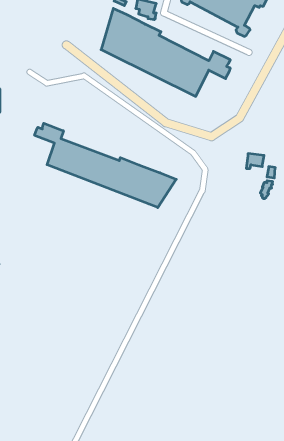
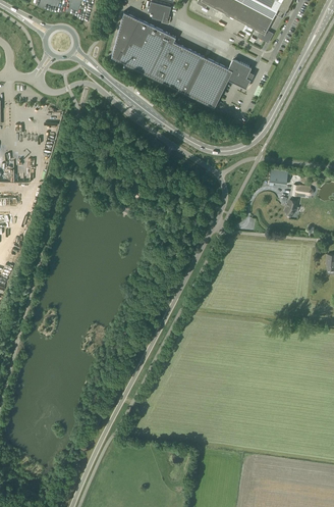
building: [35,123,176,208] -> none

